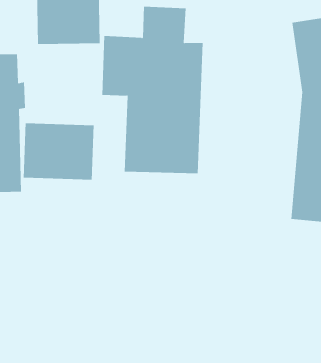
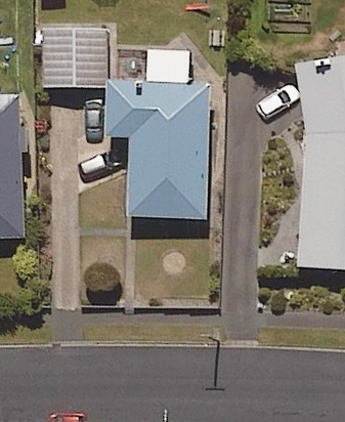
building: [23,122,94,180] -> none

